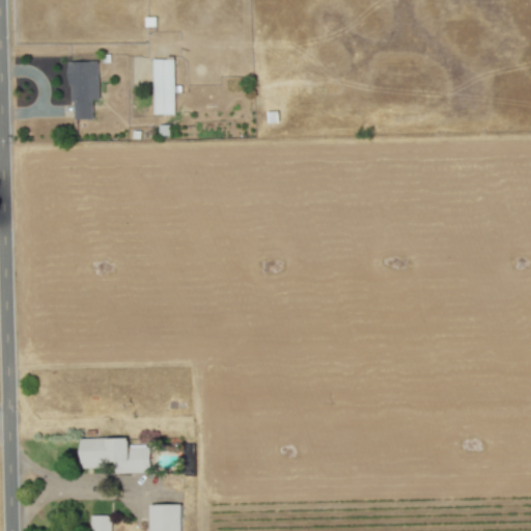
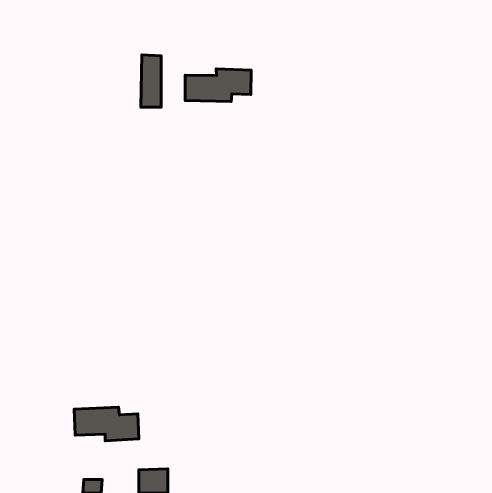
building: [69,61,97,120] -> none
building: none -> [185,69,251,101]

